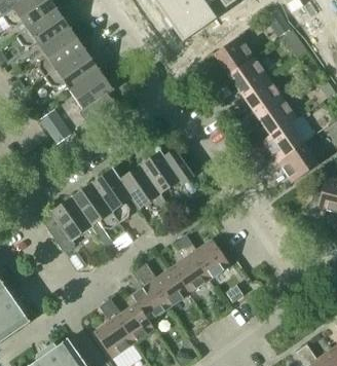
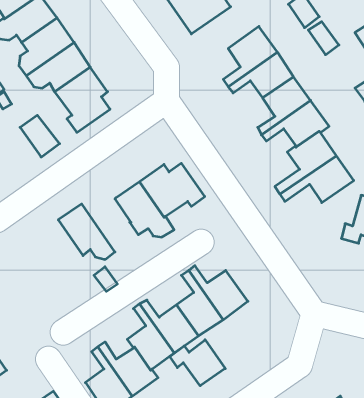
building: [91,168,133,223] -> none
building: [44,196,92,252] -> none
building: none -> [170,340,225,386]

